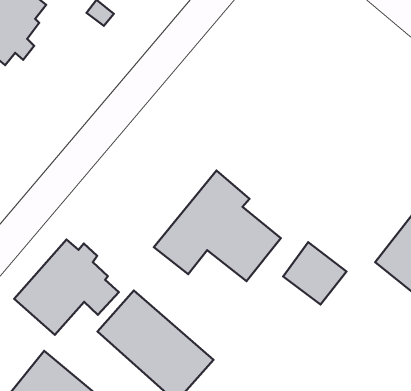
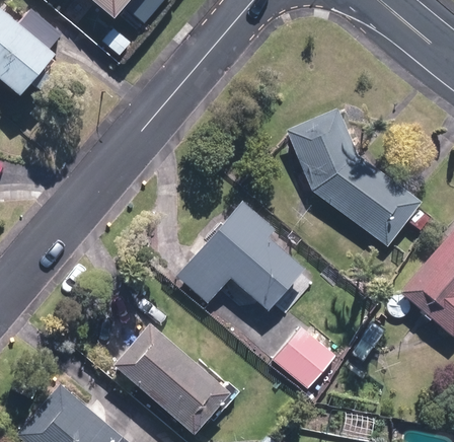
building: none -> [284,110,419,248]
building: [14,239,119,335] -> none
building: [283,242,347,305] -> [270,327,333,390]

